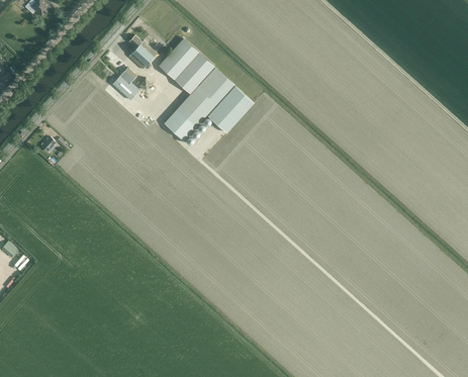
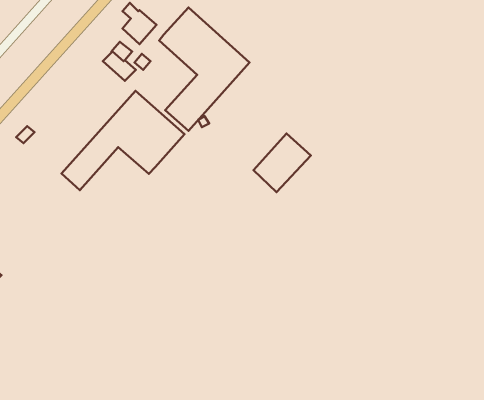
building: [206,84,254,132] -> [253,133,311,192]
building: none -> [61,91,184,190]

